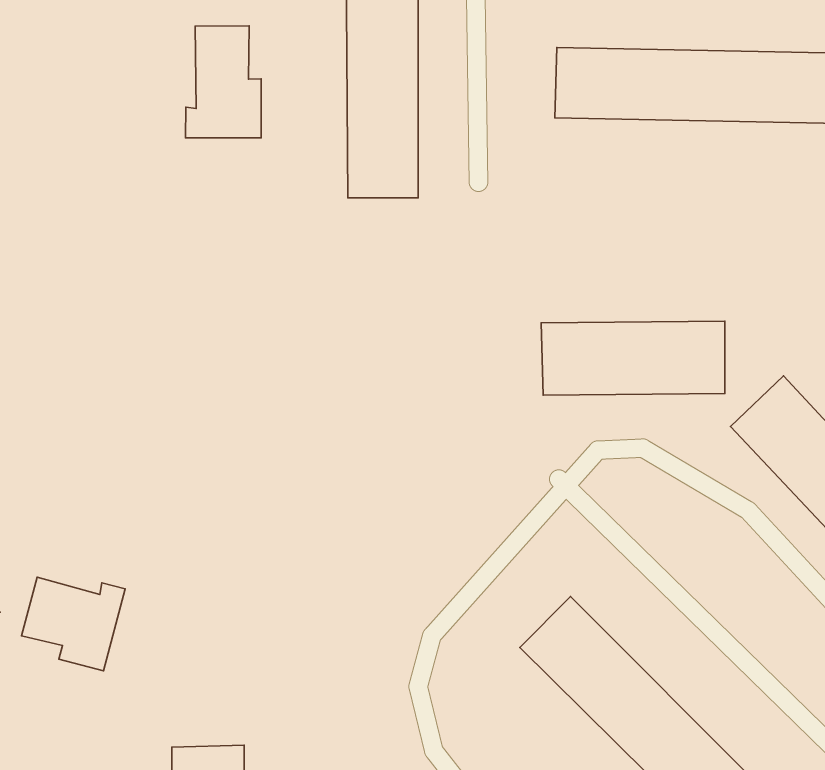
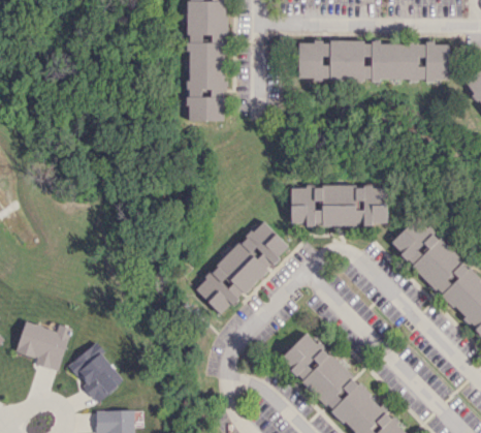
building: [185,26,261,138] -> none
building: none -> [194,219,284,316]
building: none -> [68,343,124,403]

